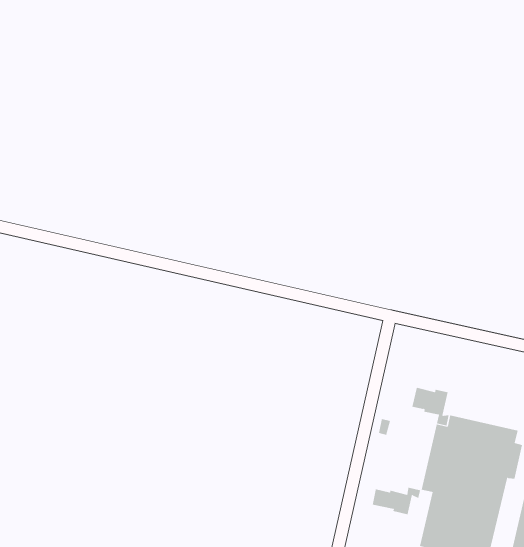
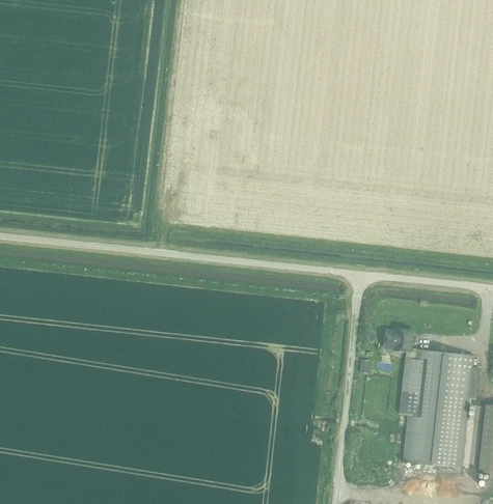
building: [372,487,421,515] -> none

